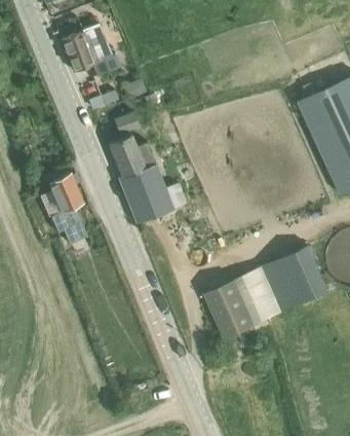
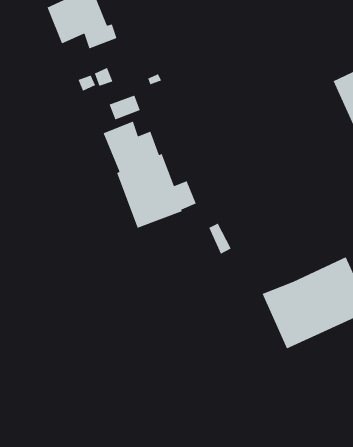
building: [39,174,86,245] -> none
building: [205,281,256,339] -> none

